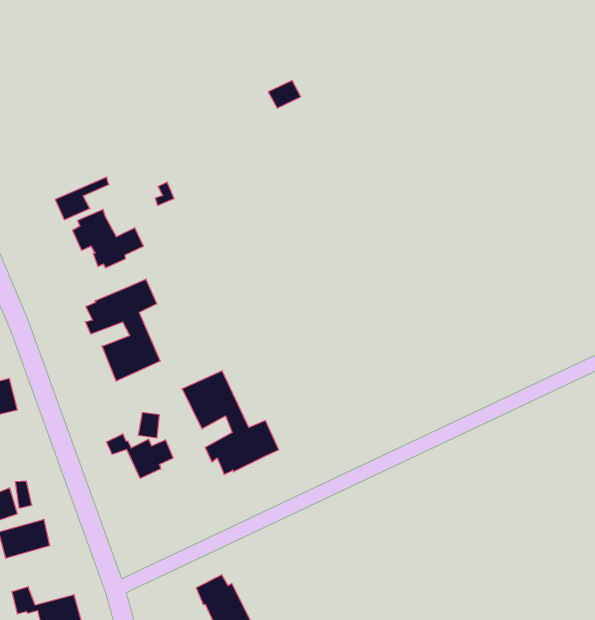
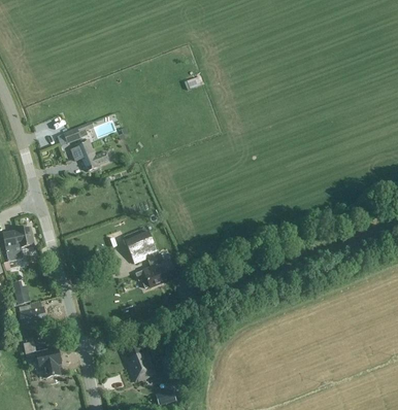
building: [85,279,160,381] -> none
building: [107,434,173,478] -> none

